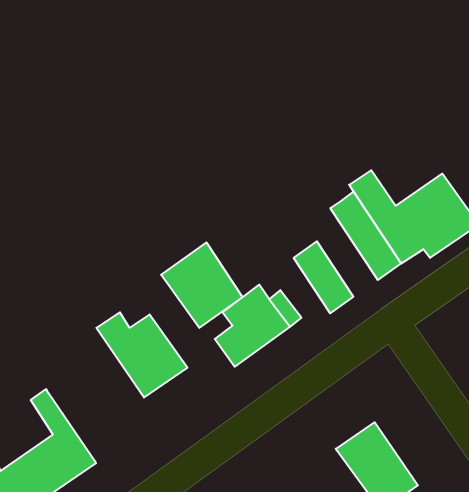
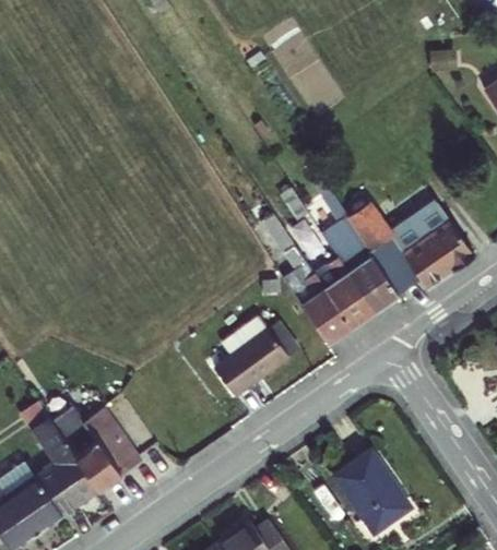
building: none -> [315,255,375,326]
building: [161,242,242,328] -> none
building: [96,312,187,398] -> [50,406,140,490]

